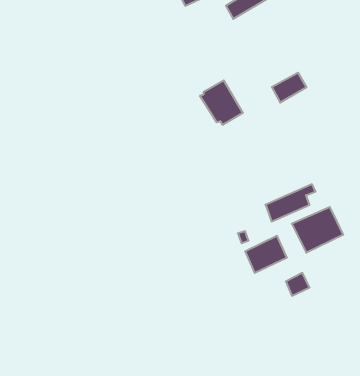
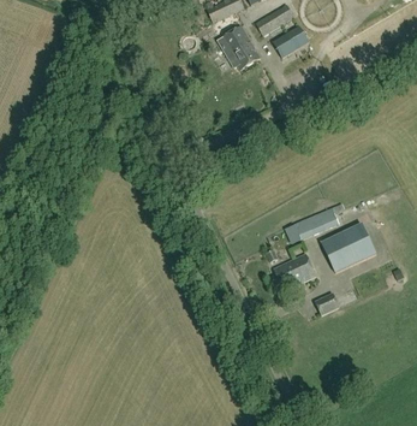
building: [272,73,307,103] -> [274,26,309,57]
building: [200,80,243,125] -> [218,25,261,70]

